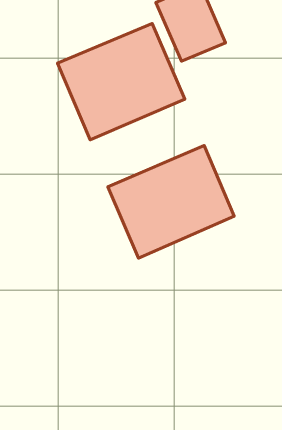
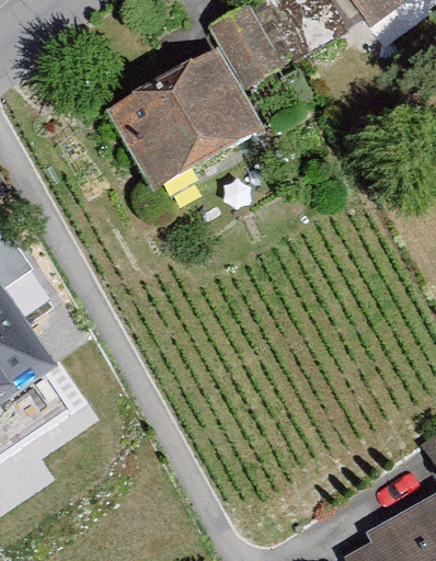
building: [108,146,234,258] -> none

